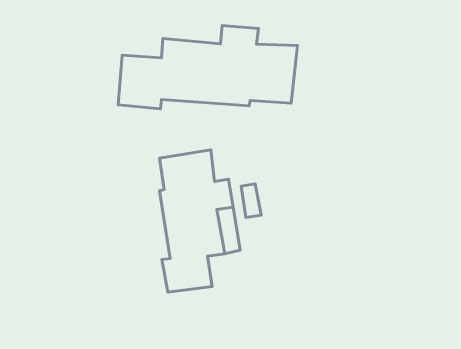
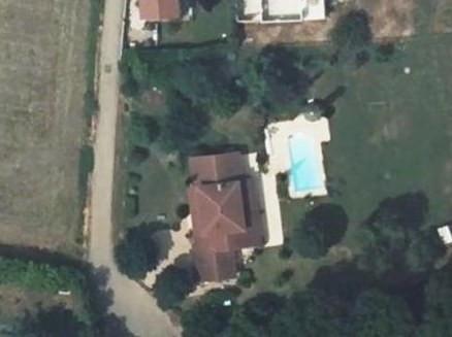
building: [118,25,297,109] -> none

